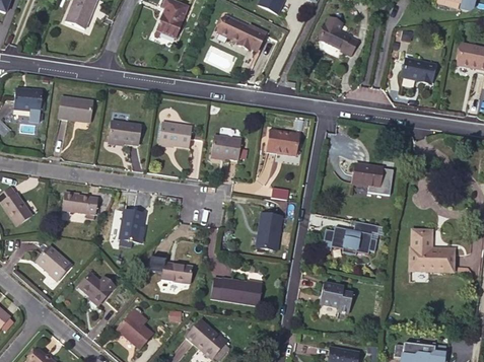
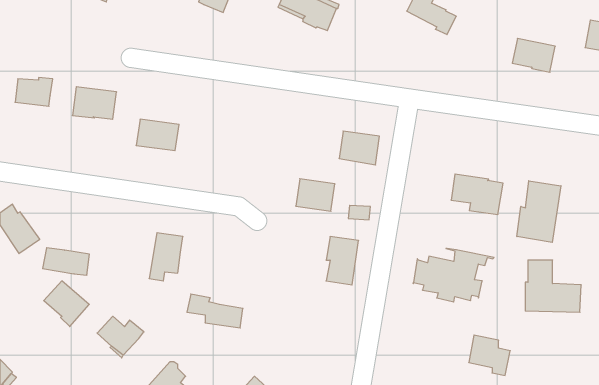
building: [157,121,192,147] -> none
building: [210,134,240,159] -> [296,179,335,211]
building: none -> [517,181,561,242]
building: [61,192,97,213] -> [43,248,89,275]
building: [210,276,262,304] -> none
building: [321,283,353,314] -> [469,335,510,375]

